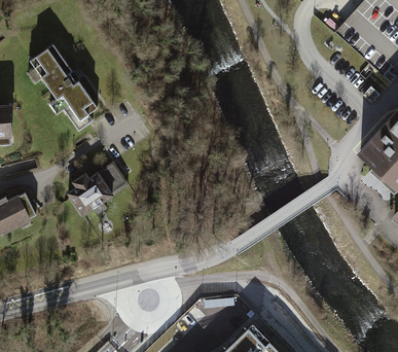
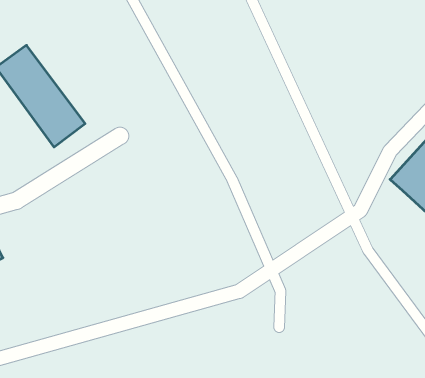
building: [73,162,132,211] -> none

